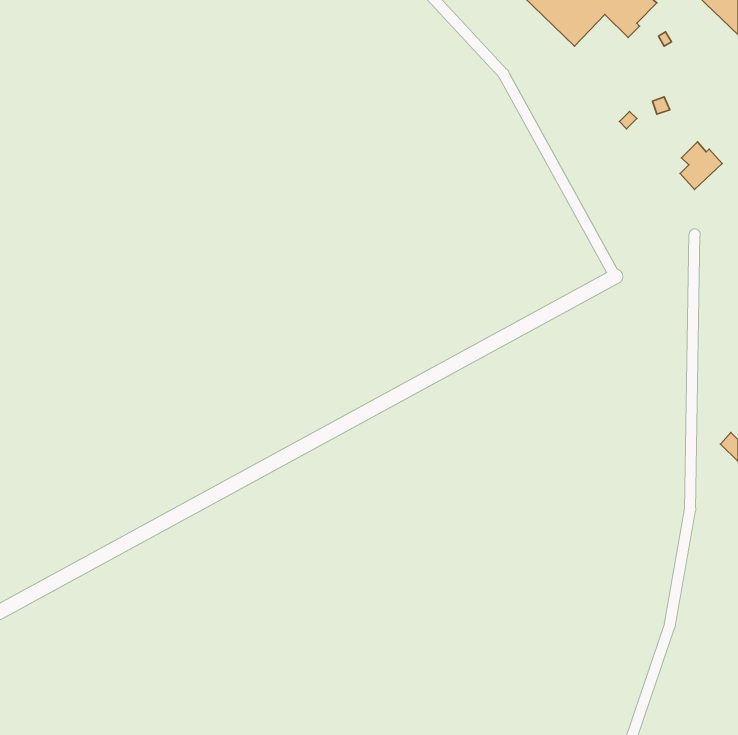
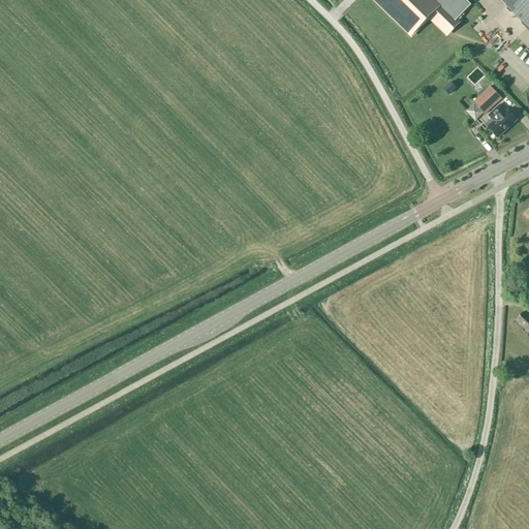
building: none -> [472,84,500,112]

